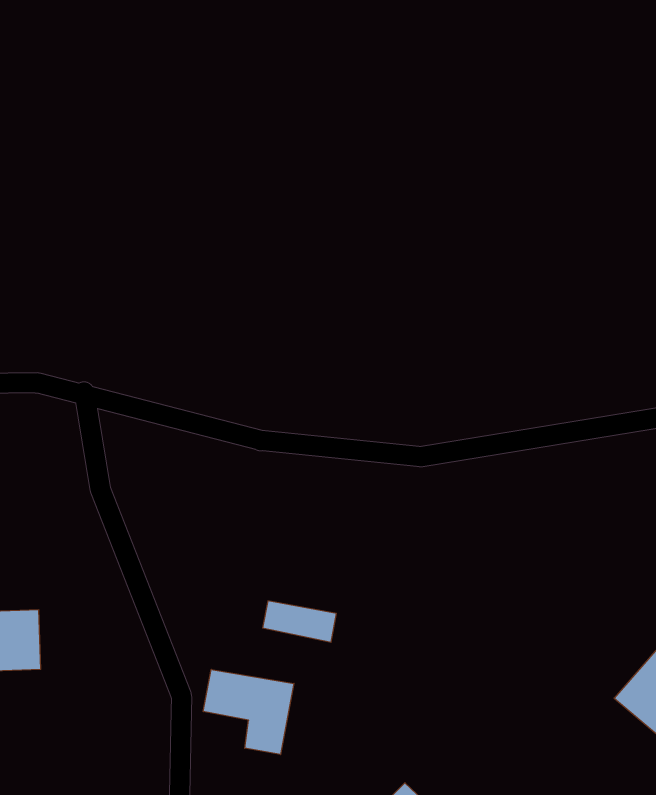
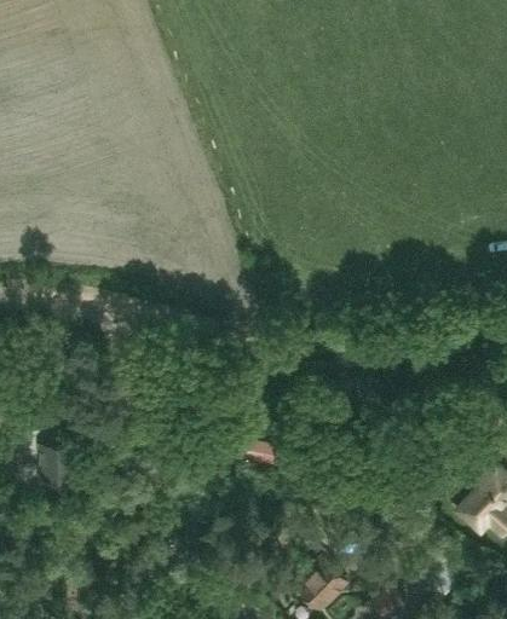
building: [203,669,294,755] -> none

